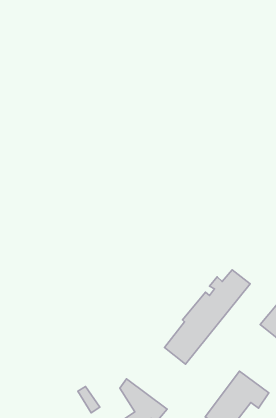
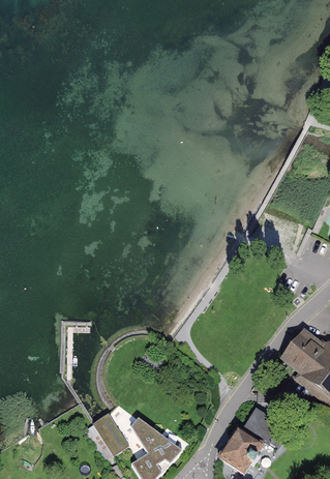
building: [165,270,250,364] -> none
building: none -> [94,411,130,453]

